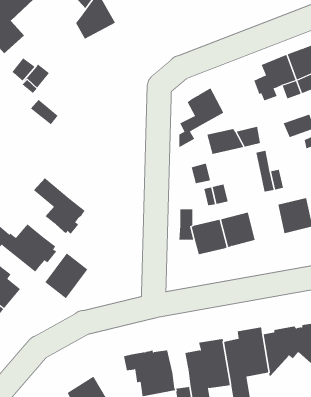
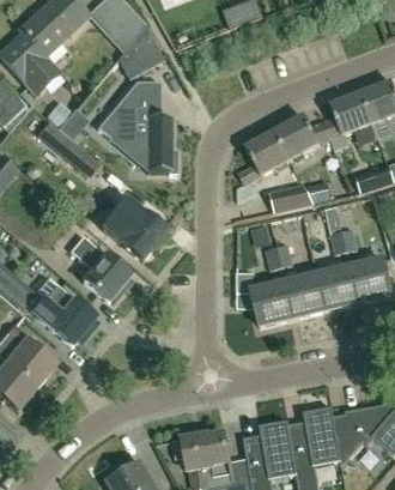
building: none -> [97,81,177,173]
building: none -> [273,116,328,162]
building: none -> [104,200,166,260]
building: none -> [316,267,357,308]
building: [44,252,88,299] -> none

